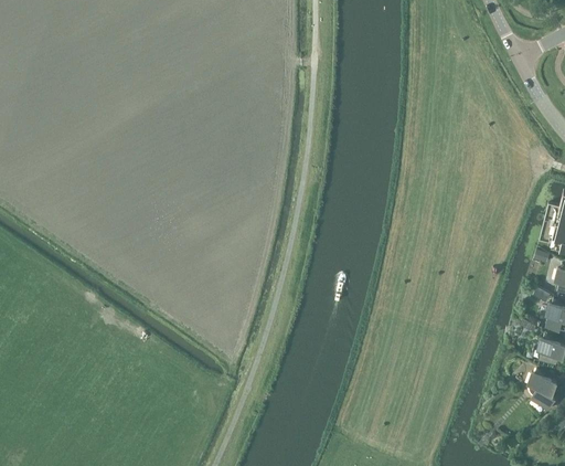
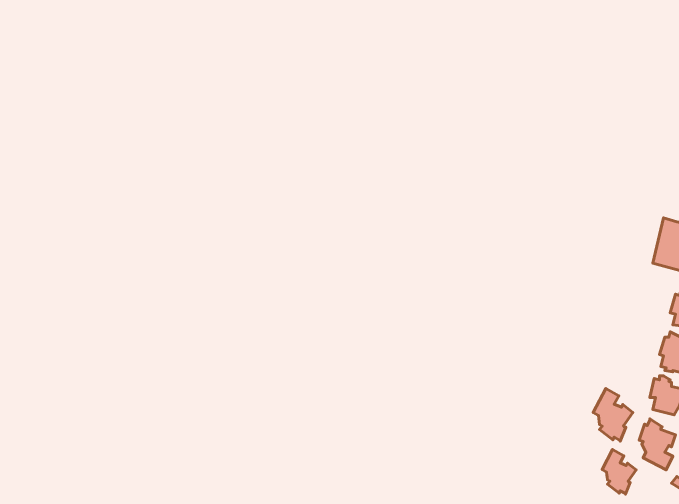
building: none -> [593,389,633,441]
building: none -> [602,450,636,494]

